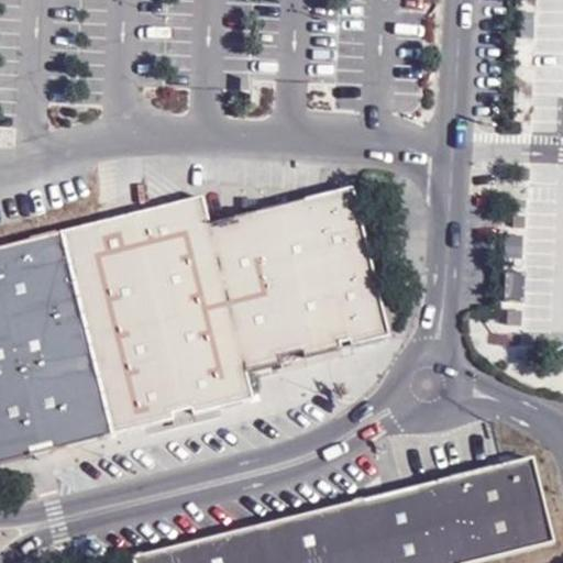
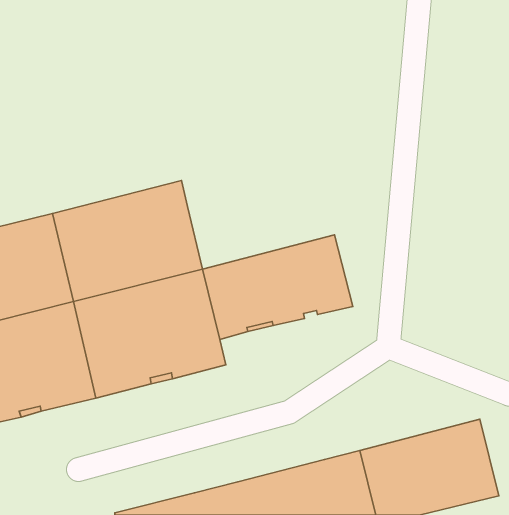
building: [205,189,365,294] -> none

